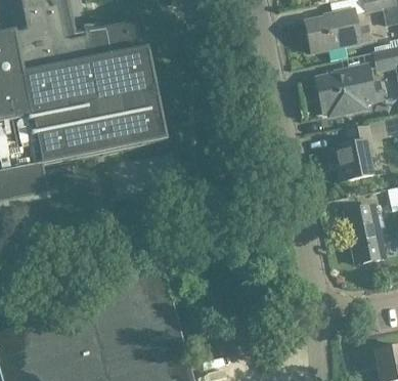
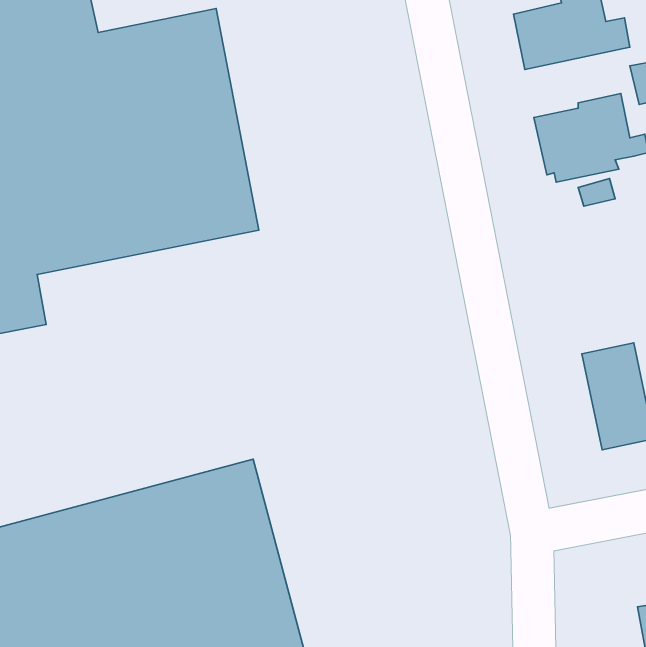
building: [326,125,373,181] -> none

